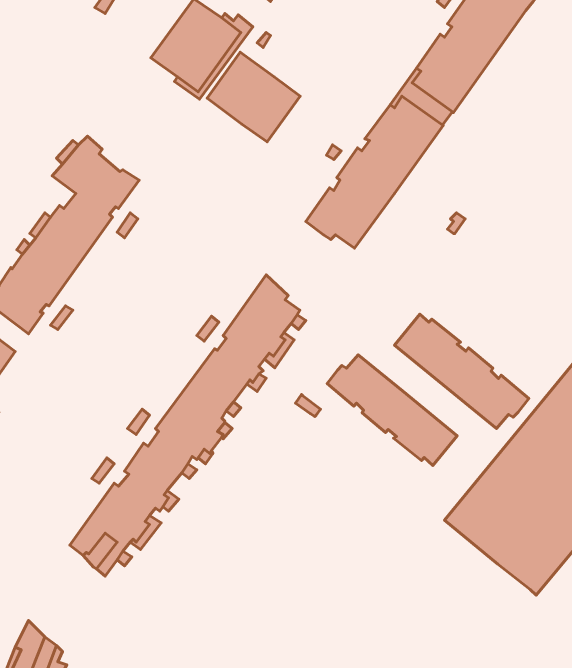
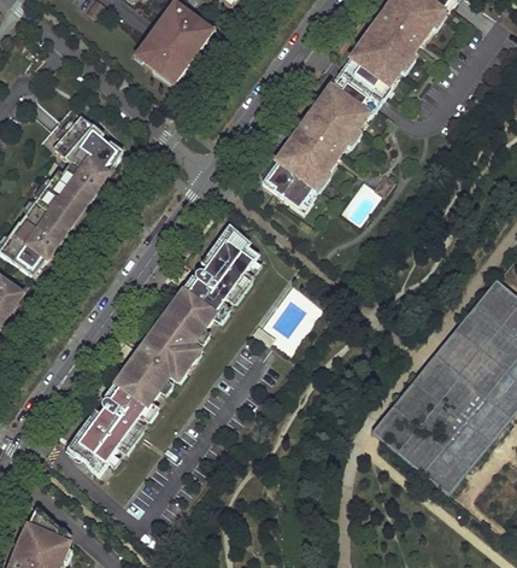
building: [207,52,300,142] -> none
building: [394,314,529,428] -> none
building: [327,355,457,466] -> none

